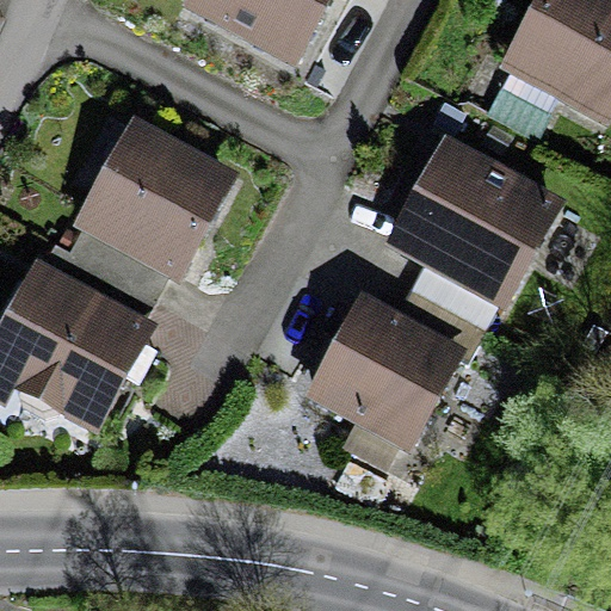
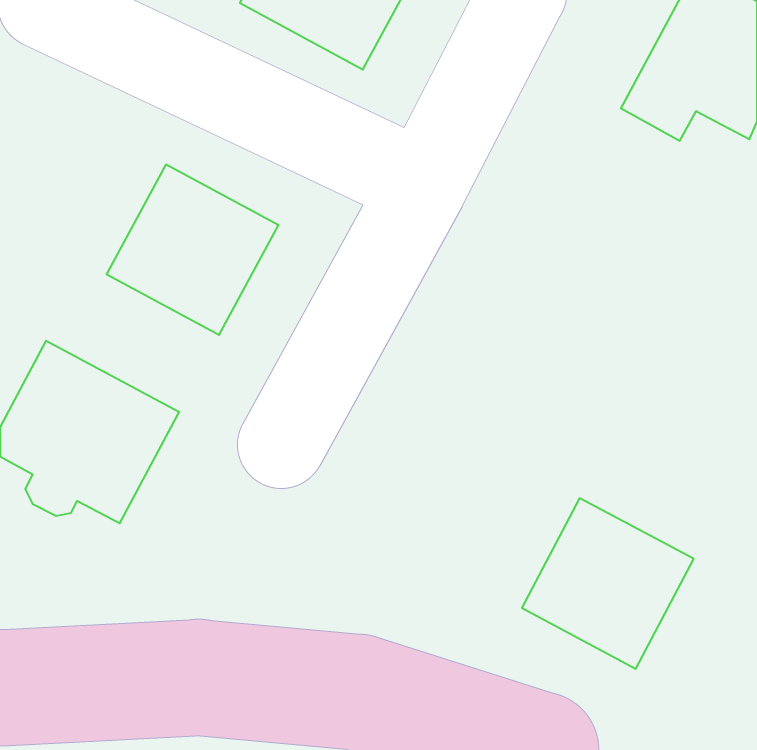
building: [397,149,551,300] -> none
building: [316,306,455,443] -> [522,498,694,669]

